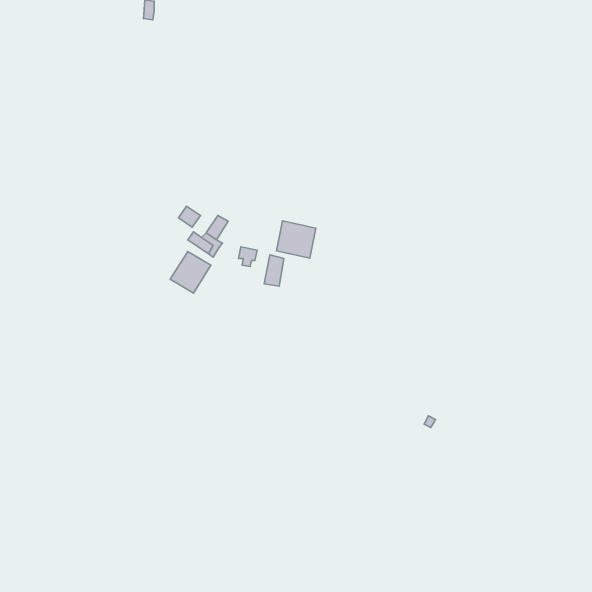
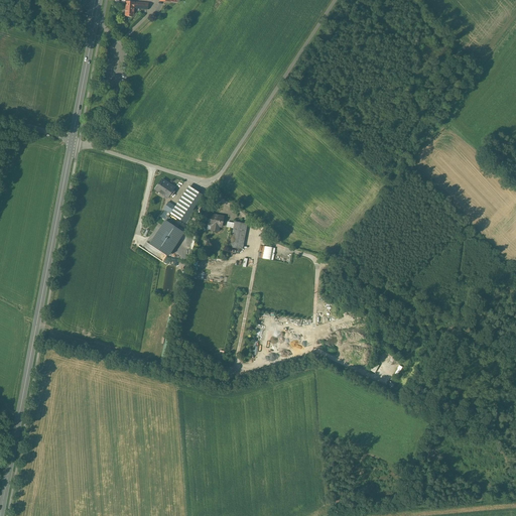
building: [277,221,316,258] -> none

